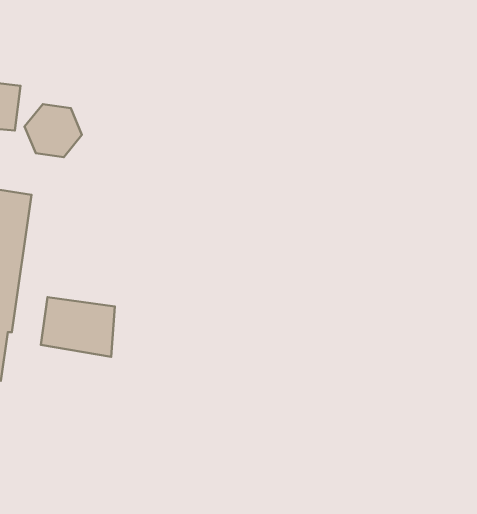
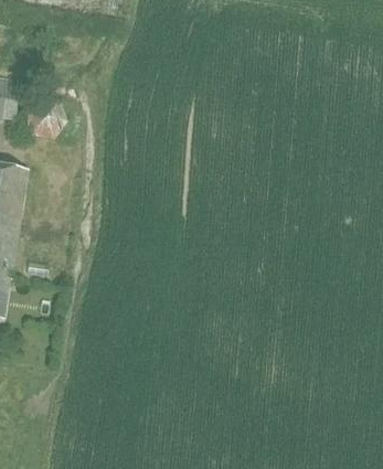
building: [41,297,115,357] -> none

